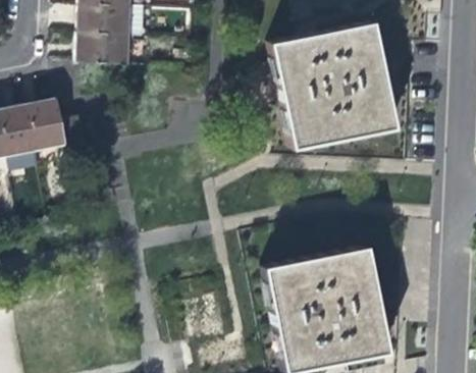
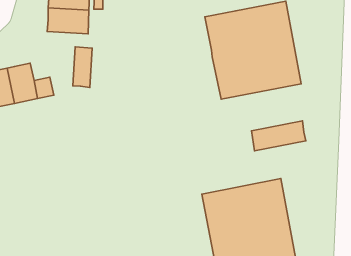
building: none -> [73,47,92,87]
building: none -> [251,121,306,151]

